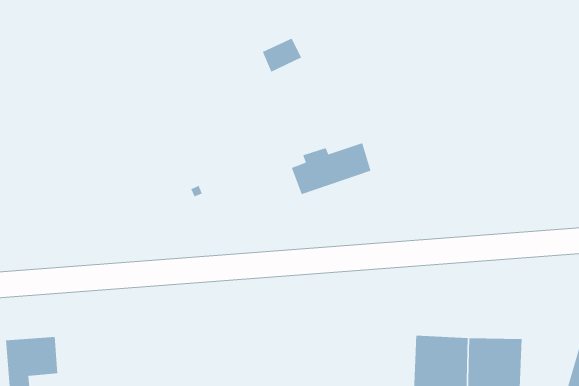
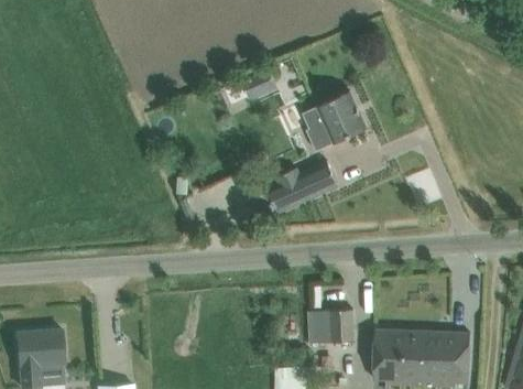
building: none -> [303,91,367,152]
building: none -> [310,310,355,344]

